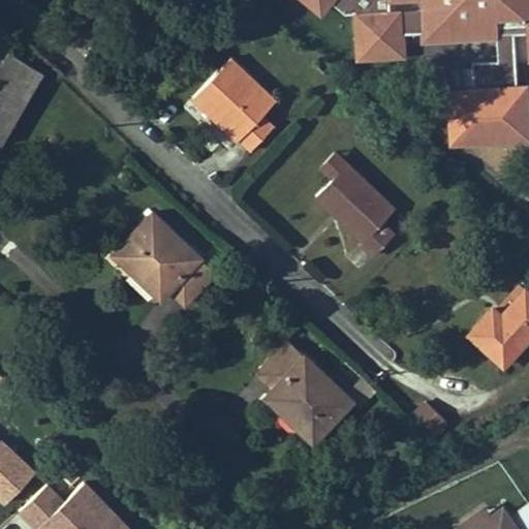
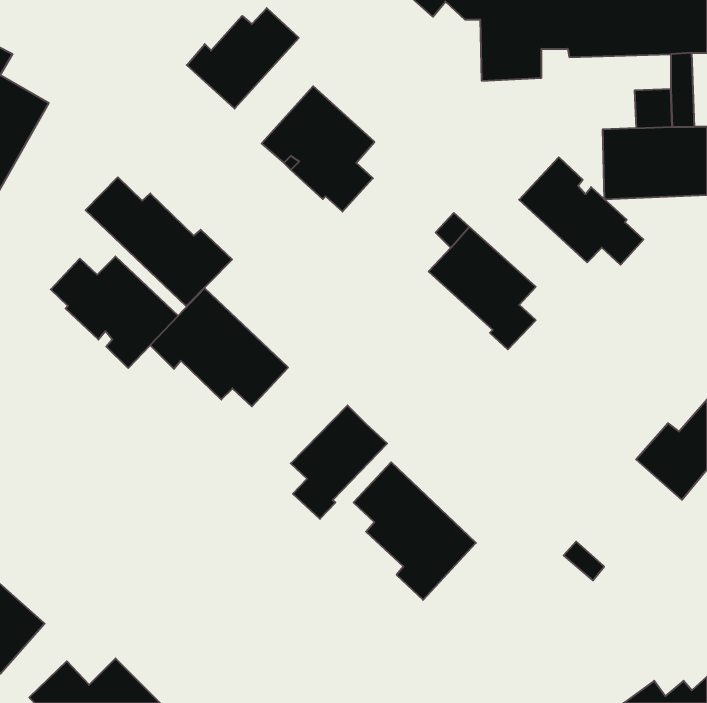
building: none -> [187,8,299,109]
building: none -> [519,157,643,265]
building: none -> [86,177,232,306]
building: none -> [51,256,178,368]
building: none -> [291,405,387,519]

